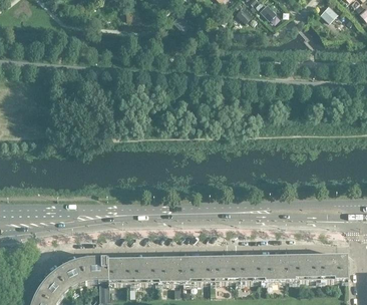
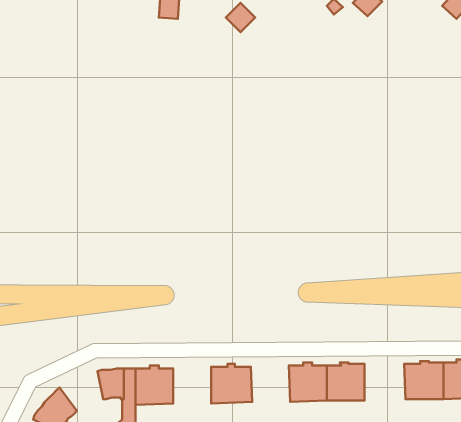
building: [265,257,293,284] -> none
building: [187,258,214,285] -> none
building: [133,259,159,286] -> none
building: [55,264,85,291] -> none

